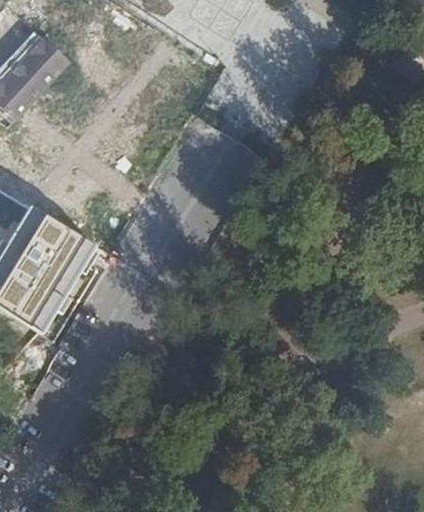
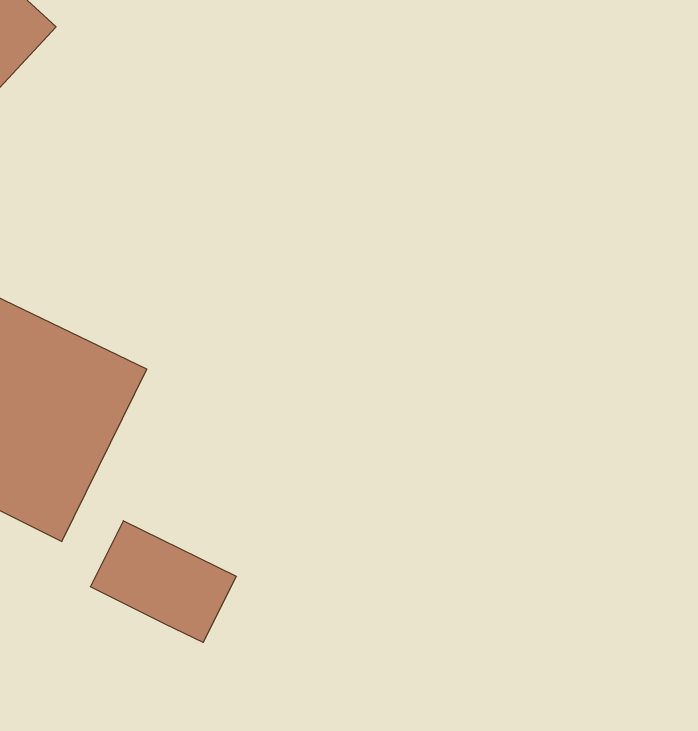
building: none -> [90,521,236,642]

